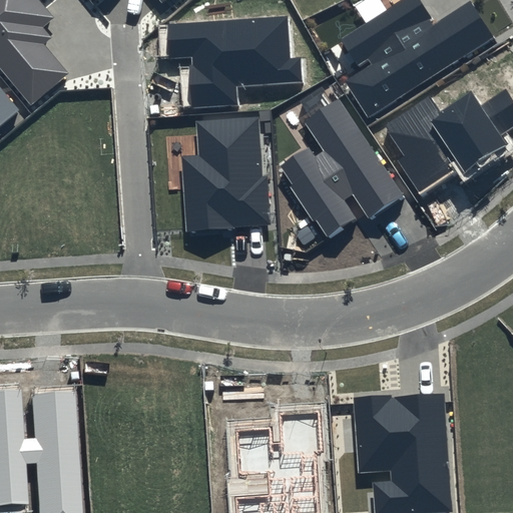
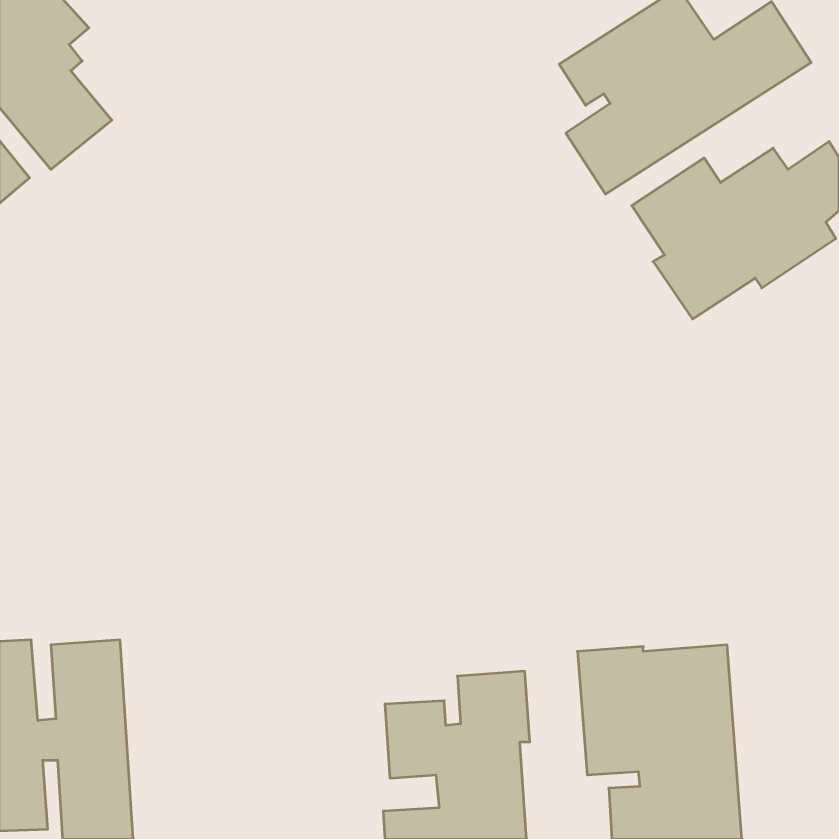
building: [166,16,303,107] -> none
building: [280,98,403,236] -> none
building: [180,114,270,230] -> none

